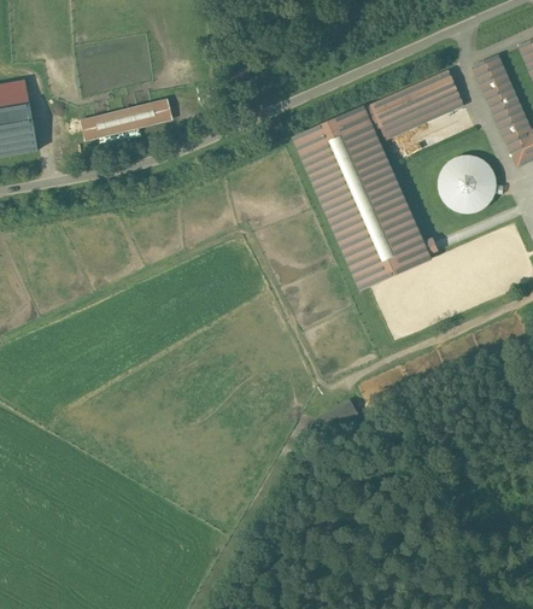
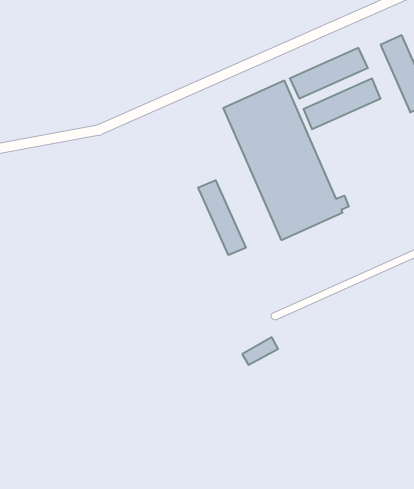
building: [81,103,170,139] -> none
building: [440,157,503,211] -> none
building: none -> [198,180,246,255]

